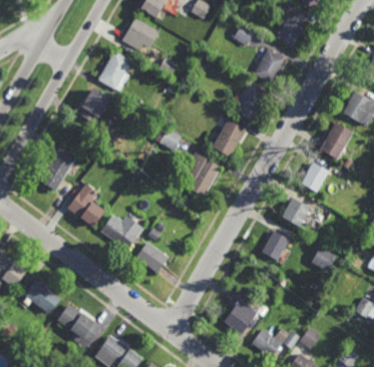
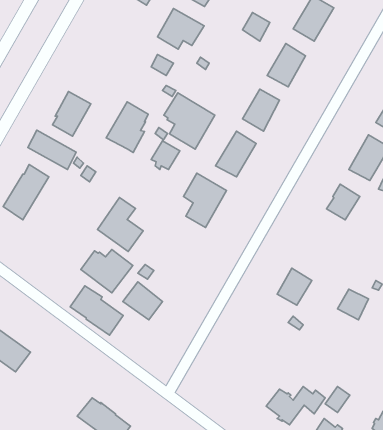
building: [122,17,160,50] -> [157,9,204,49]
building: [98,50,132,91] -> [106,102,148,153]
building: none -> [164,93,215,149]
building: none -> [28,130,76,170]
building: [67,184,104,228] -> [97,197,143,252]
building: [282,198,311,228] -> none
building: [225,295,270,335] -> none
building: [57,304,100,344] -> [70,286,123,335]

